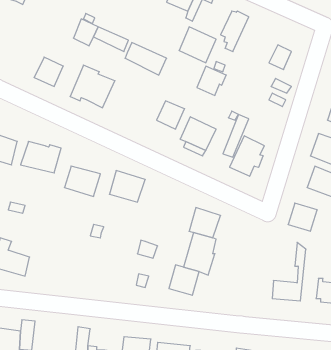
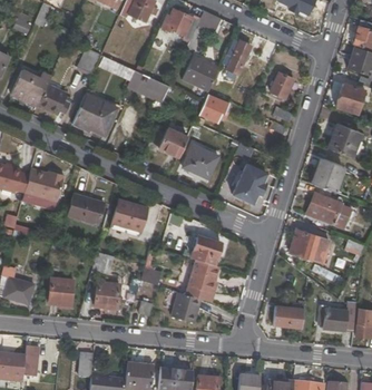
building: none -> [11,69,51,106]
building: none -> [49,276,72,304]
building: none -> [95,281,119,308]

